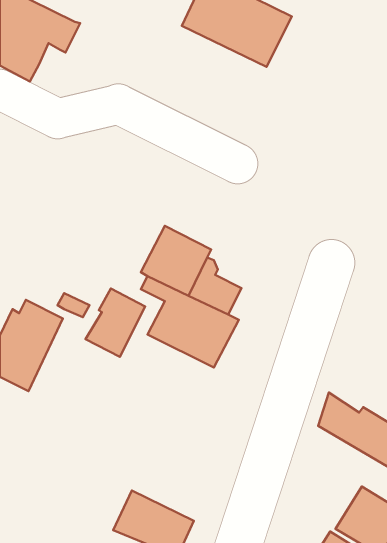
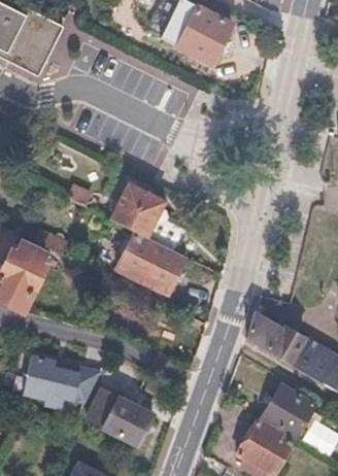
building: [86,289,145,357] -> none
building: none -> [21,355,99,406]

